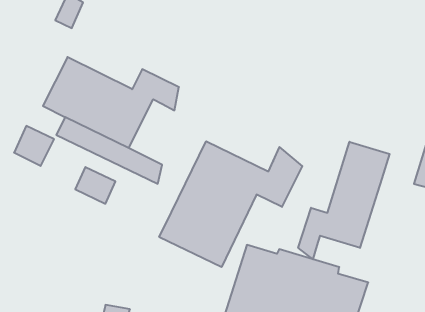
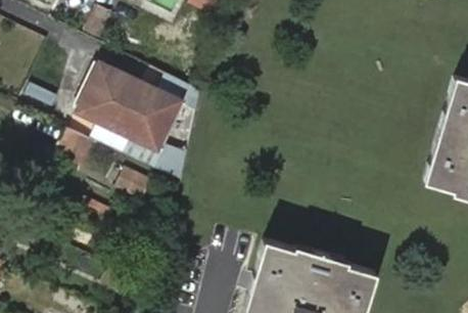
building: [159,141,302,267] -> none
building: [298,142,390,259] -> none

